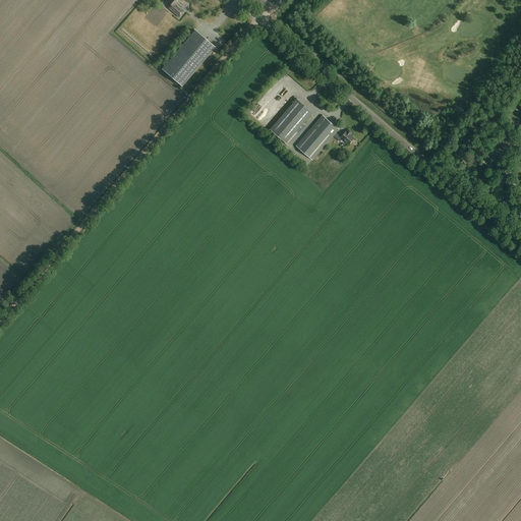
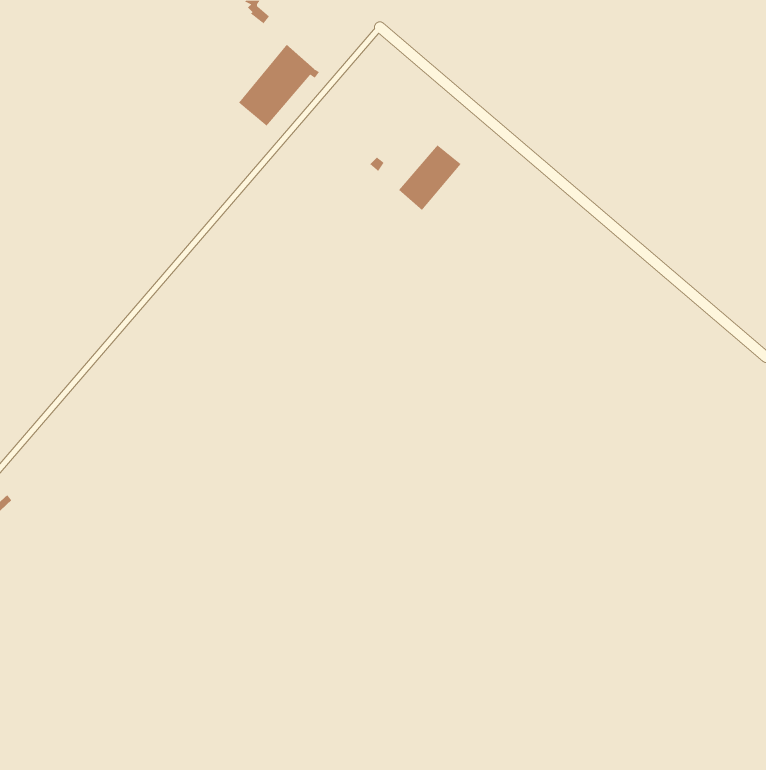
building: [295,114,353,160] -> none

